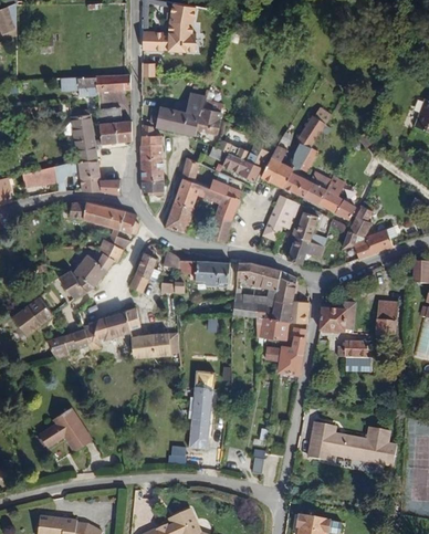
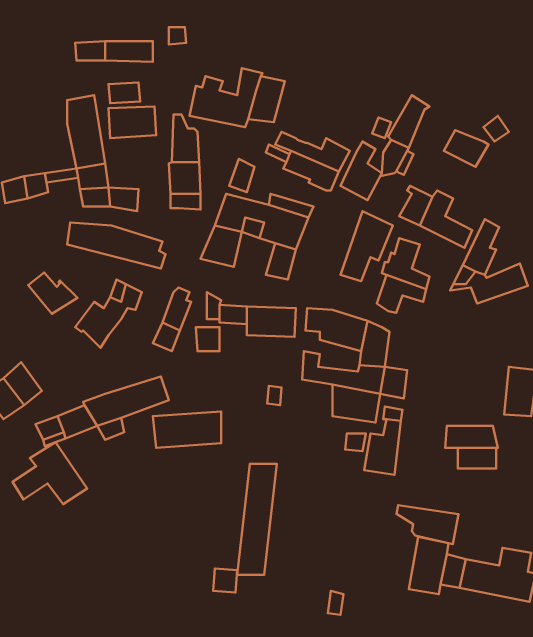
building: [280,171,311,197] -> [444,130,488,167]
building: [60,271,94,300] -> [28,272,77,314]
building: [327,302,362,332] -> none
building: none -> [397,505,458,544]
building: [40,406,92,449] -> [12,442,87,504]

